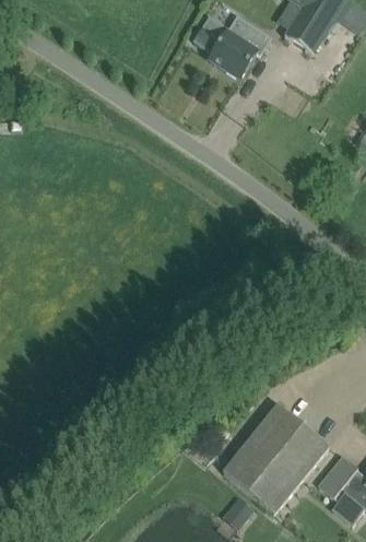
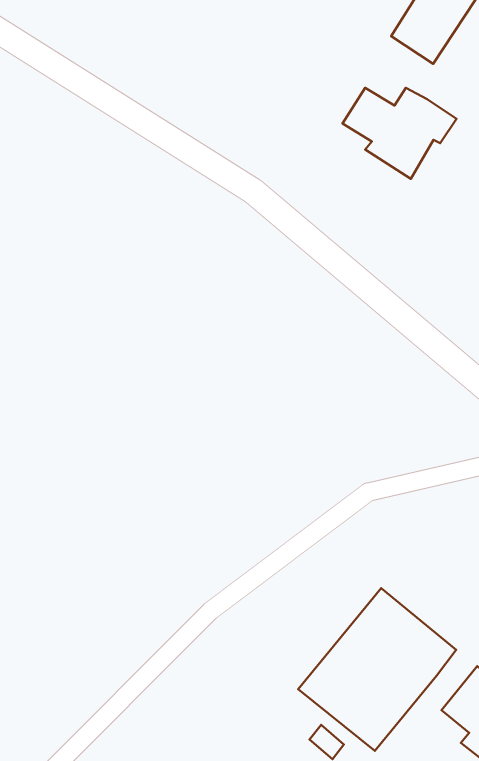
building: [193,17,270,79] -> [343,88,456,179]

